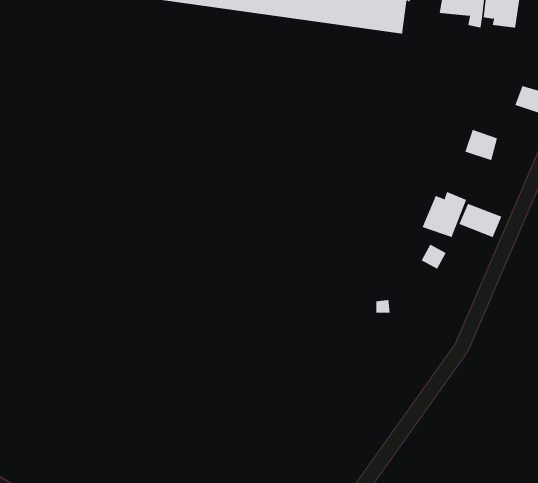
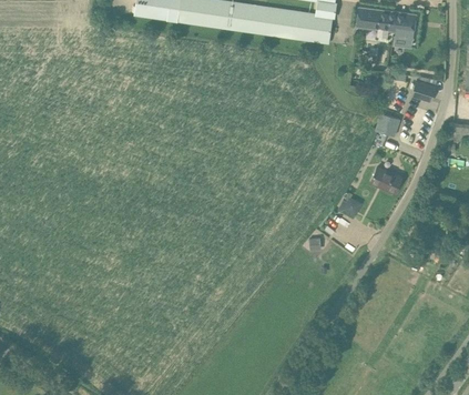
building: [422,191,467,238] -> none

